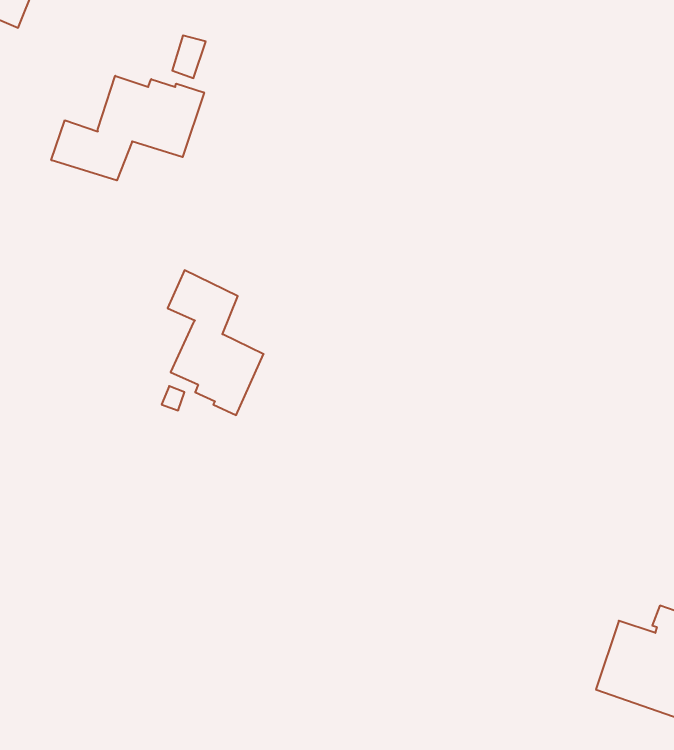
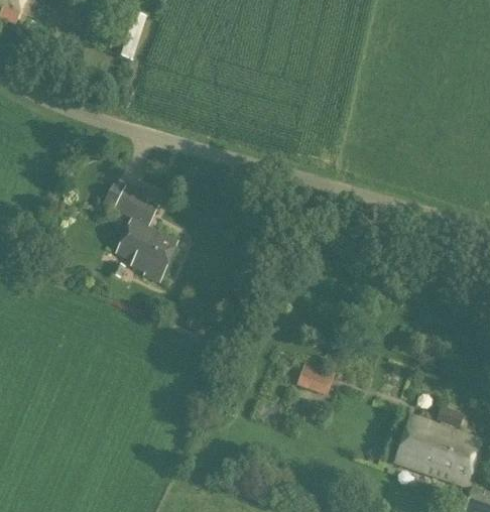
building: [51,76,204,180] -> none
building: none -> [295,360,335,394]

